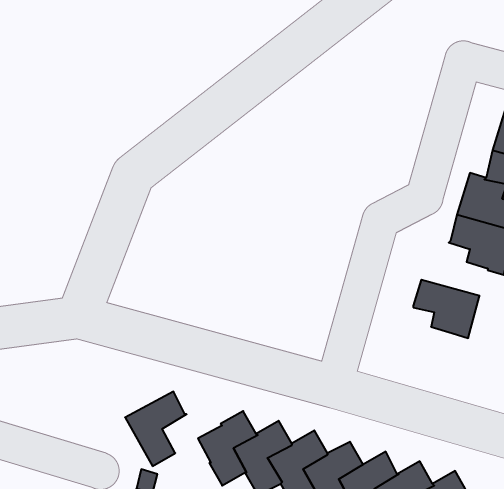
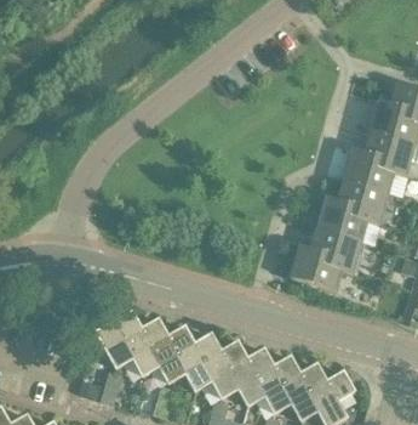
building: none -> [317,197,367,240]
building: none -> [291,244,340,290]
building: none -> [124,319,168,375]

